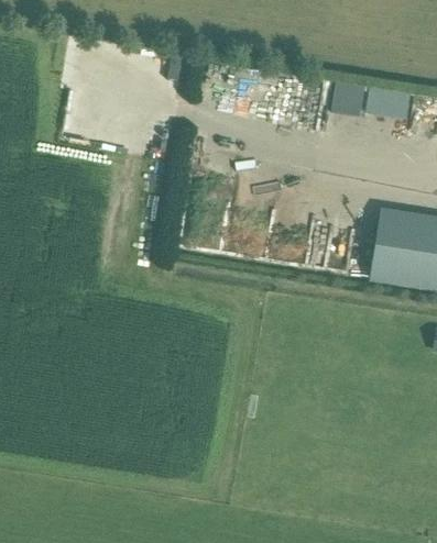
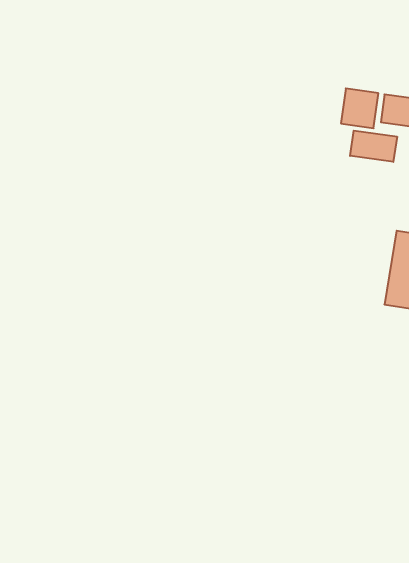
building: none -> [350,131,397,162]

